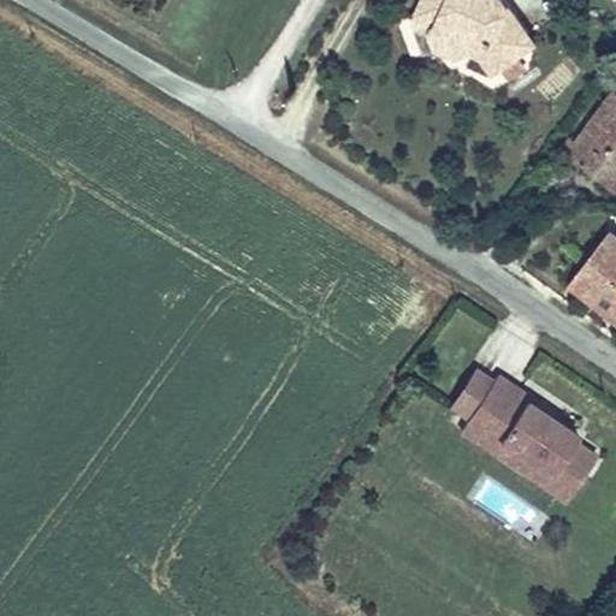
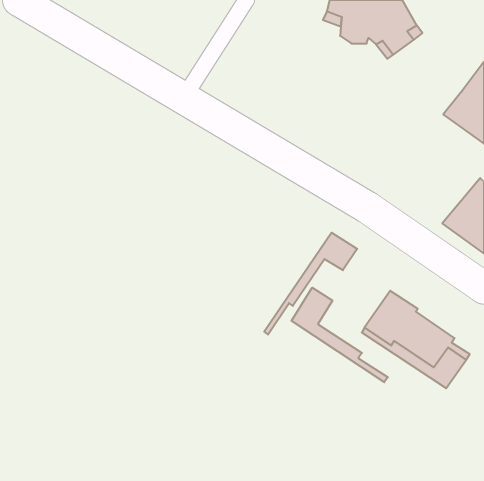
building: none -> [264,233,357,335]
building: none -> [291,288,388,382]

